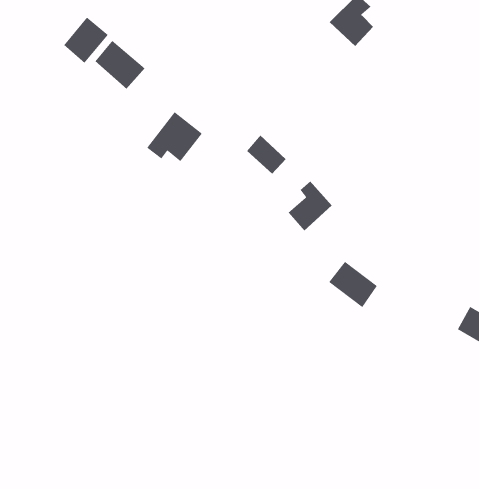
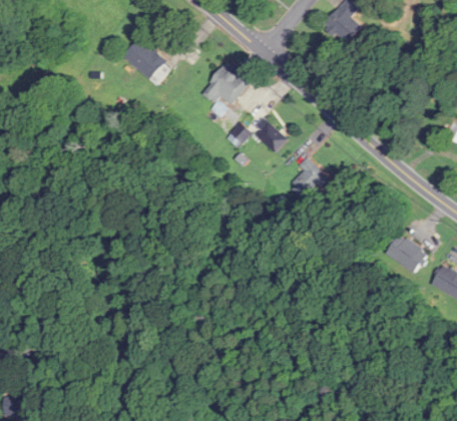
building: [63,17,109,64] -> none
building: [146,111,203,162] -> [201,61,250,104]
building: [328,261,378,308] -> [385,234,427,274]

